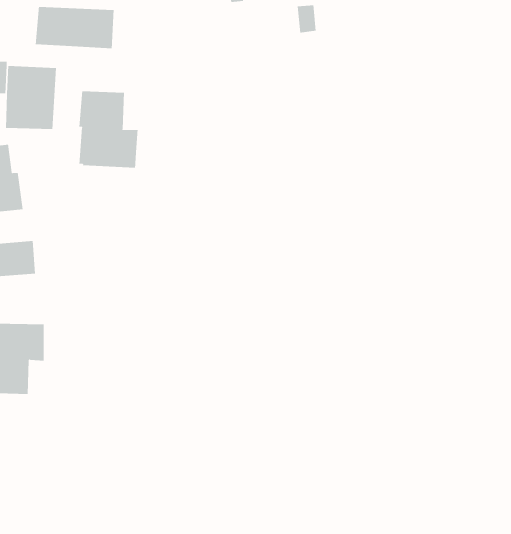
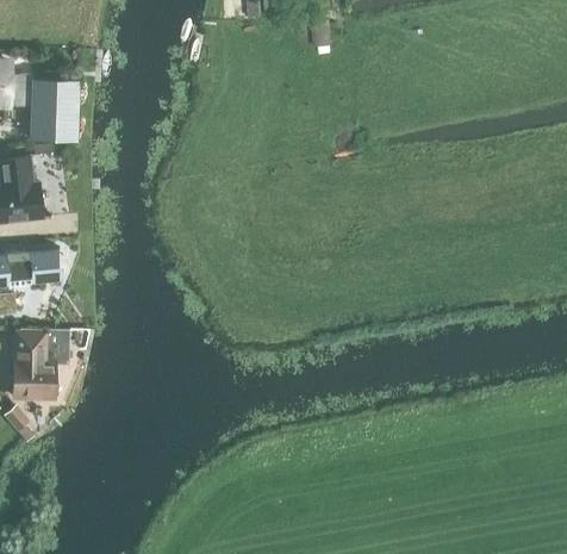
building: [35,6,114,49] -> none
building: [79,90,138,169] -> none

